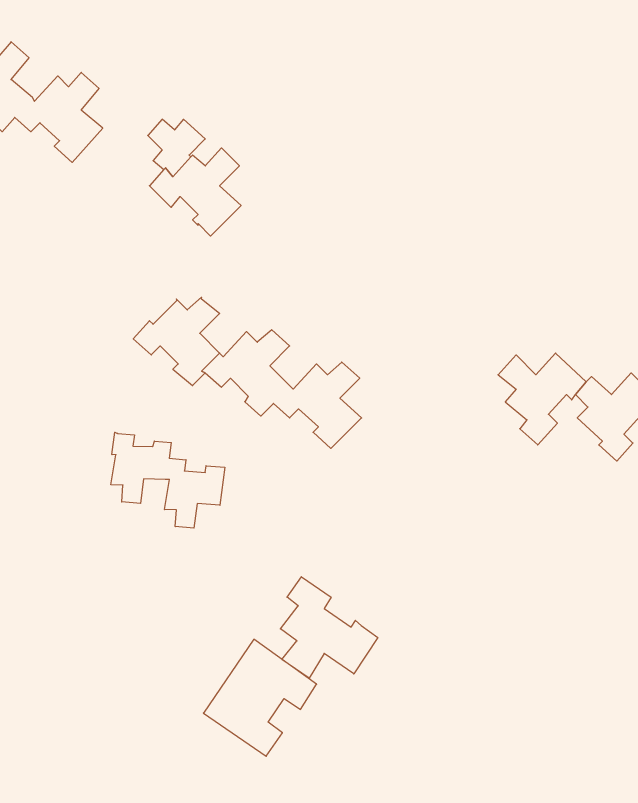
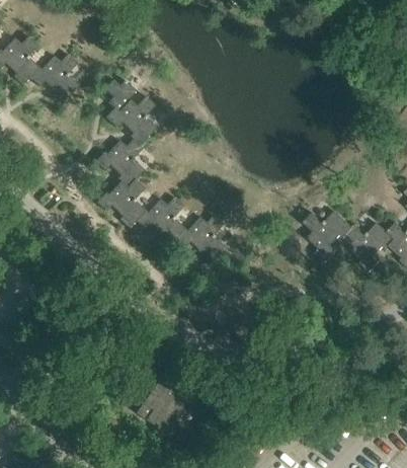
building: none -> [94,137,144,185]
building: [111,432,225,528] -> none
building: [280,577,378,678] -> none

